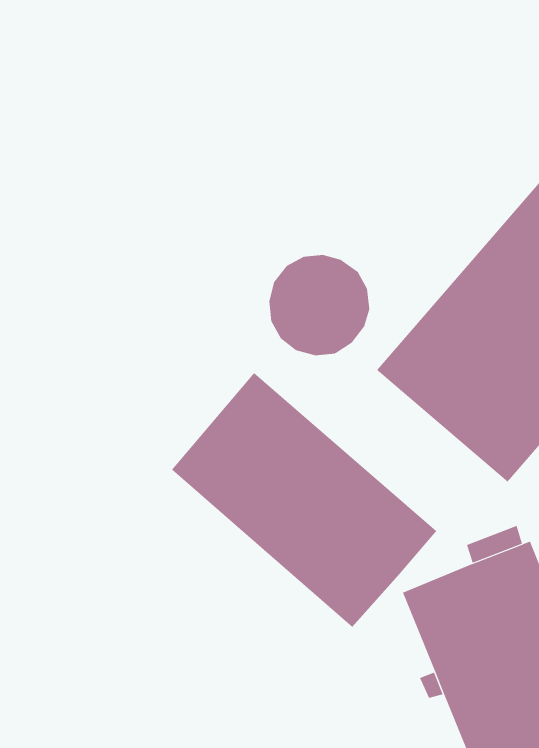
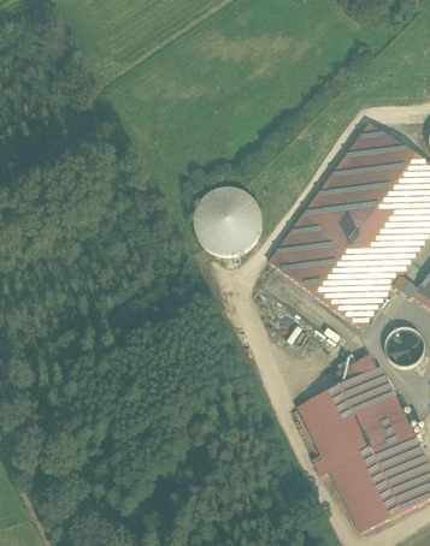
building: [171,372,437,628] -> none

